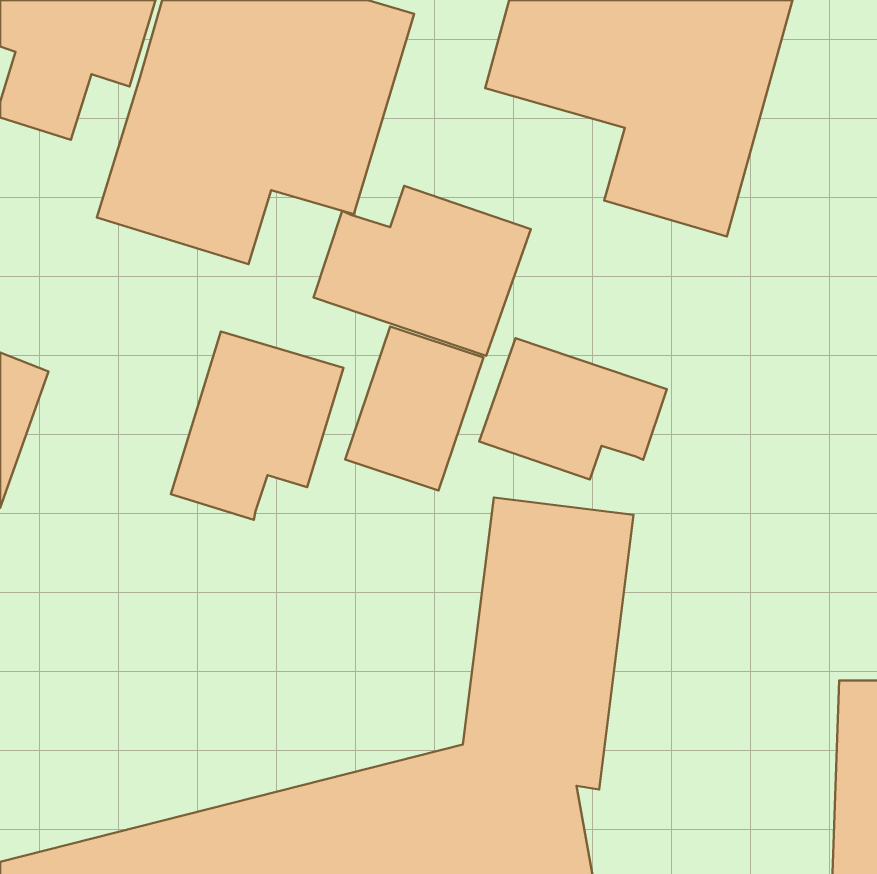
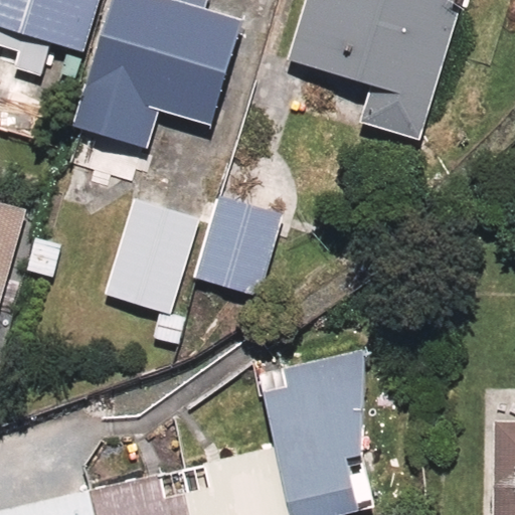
building: [313,186,531,356] -> none
building: [479,338,667,479] -> none

